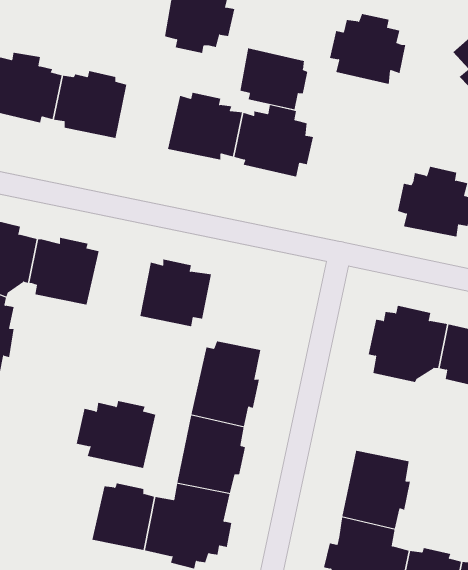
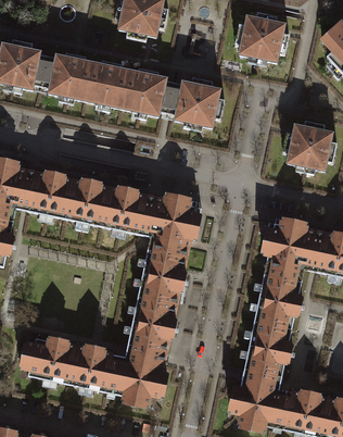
building: [240,47,308,110] -> none
building: none -> [86,60,130,108]
building: none -> [65,177,110,225]
building: none -> [147,193,201,249]
building: none -> [254,265,303,327]
building: [76,400,156,468] -> [21,335,77,383]

